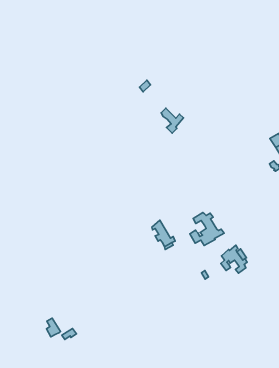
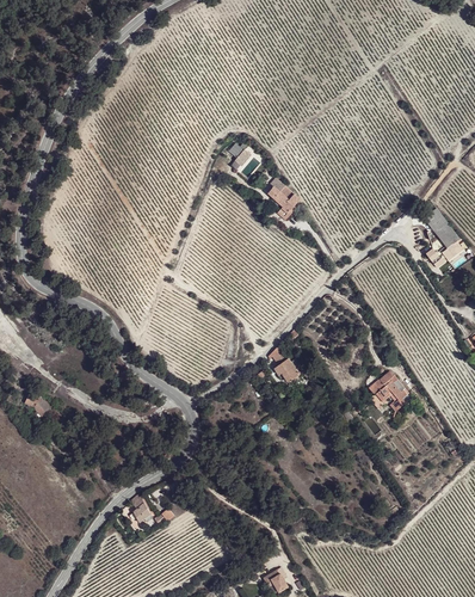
building: [190,212,224,245] -> none

